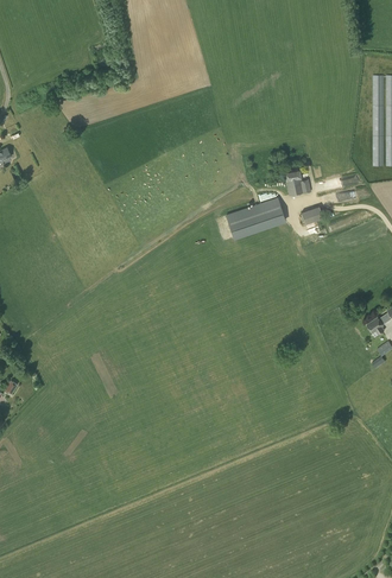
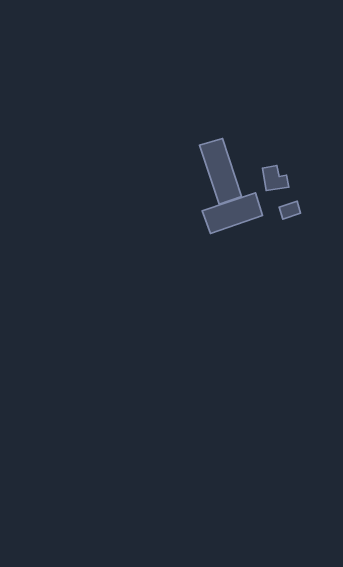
building: none -> [200,138,242,204]

